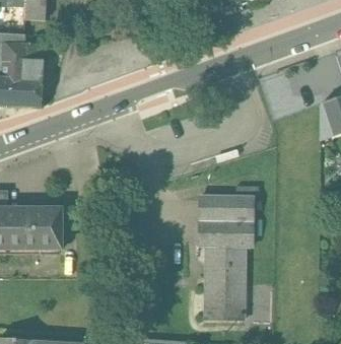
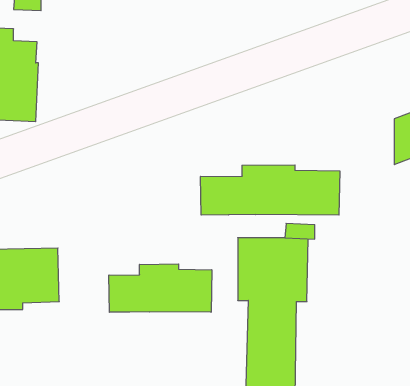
building: none -> [201,165,340,215]
building: none -> [109,264,212,312]

